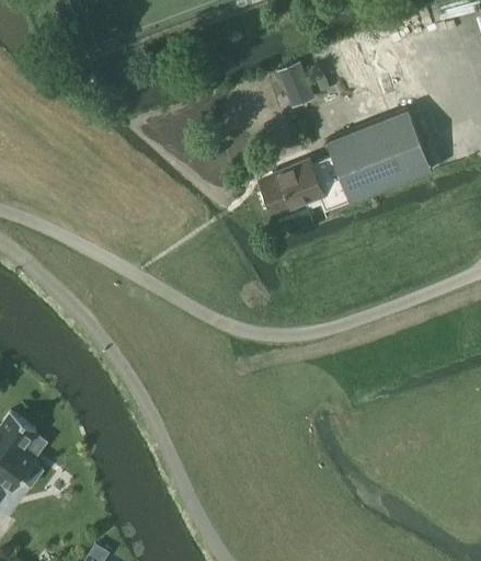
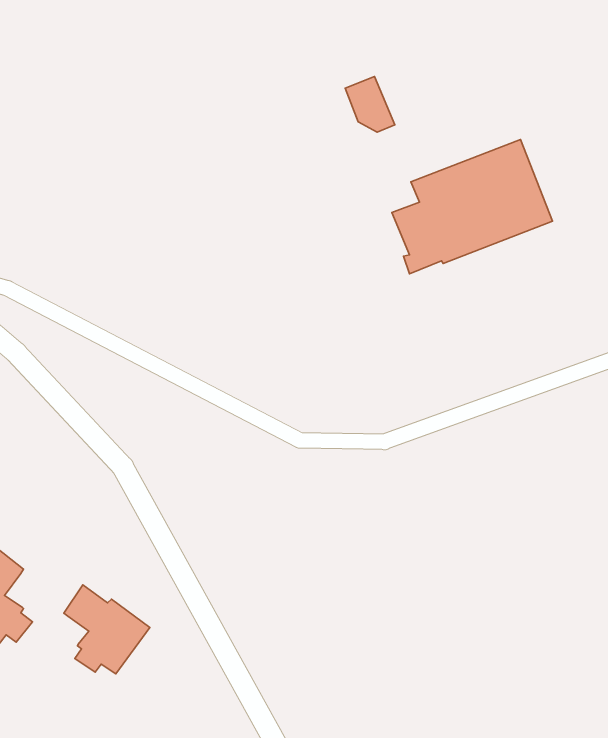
building: [260,160,324,216] -> none
building: none -> [64,585,150,674]

